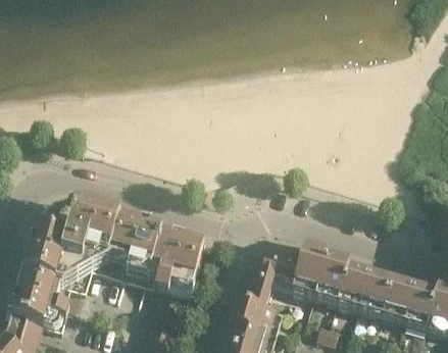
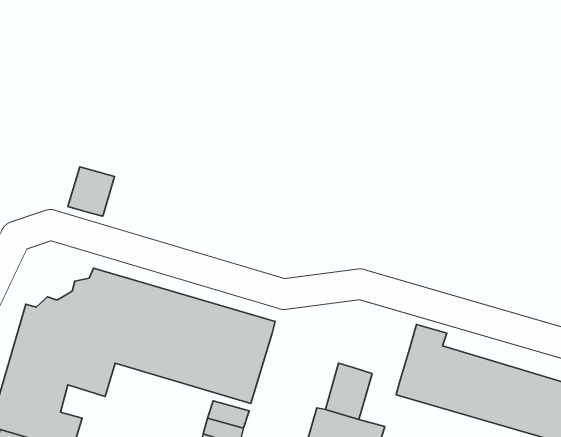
building: none -> [68,167,114,216]
building: [260,252,300,285] -> none

